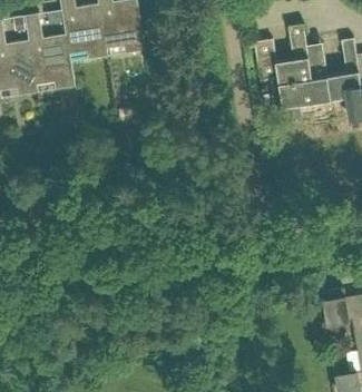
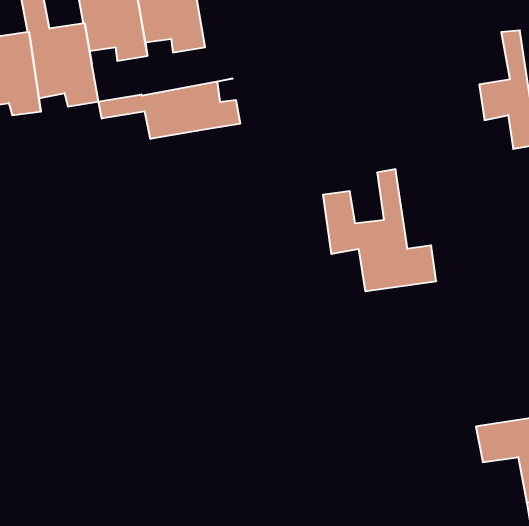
building: [254,24,329,105] -> [323,169,436,291]
building: none -> [98,79,240,139]

